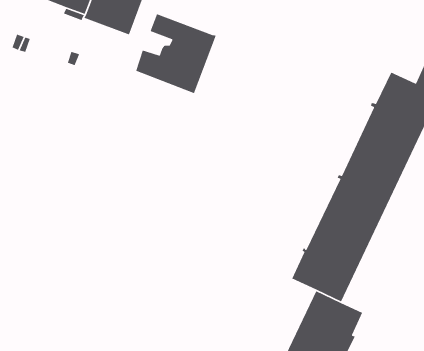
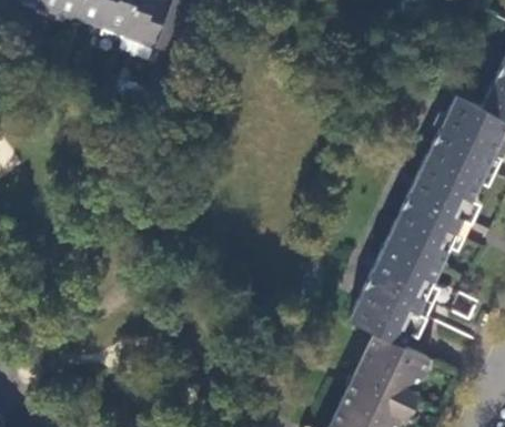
building: [135,13,217,94] -> none

